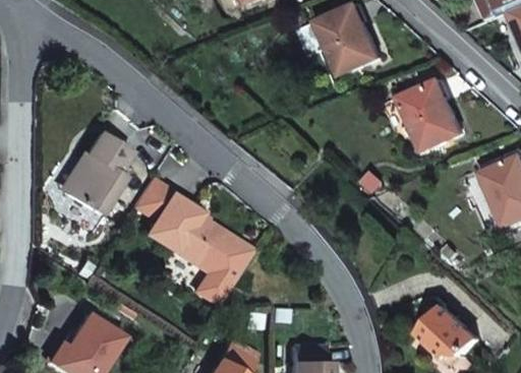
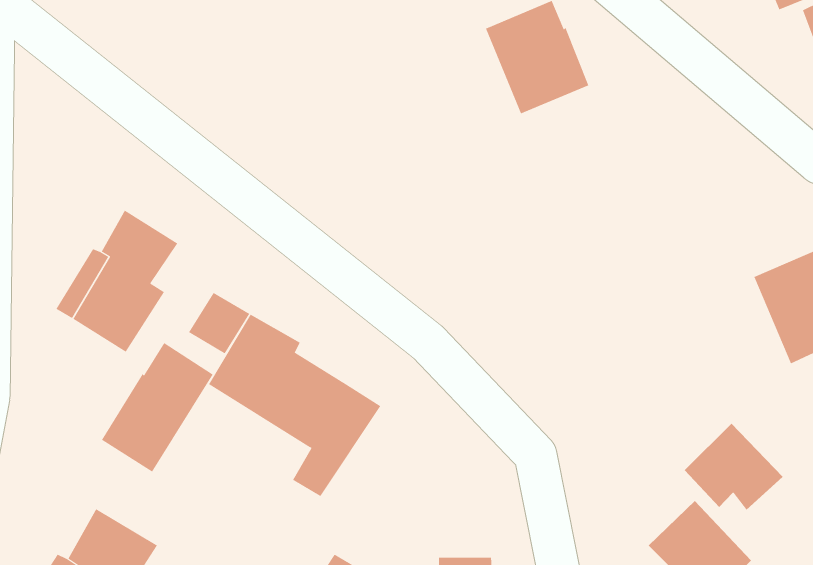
building: [397,80,460,150] -> none
building: none -> [101,342,214,472]
building: none -> [684,423,783,510]

